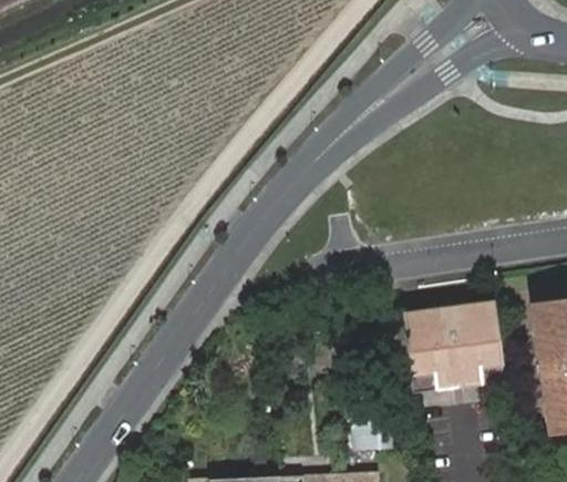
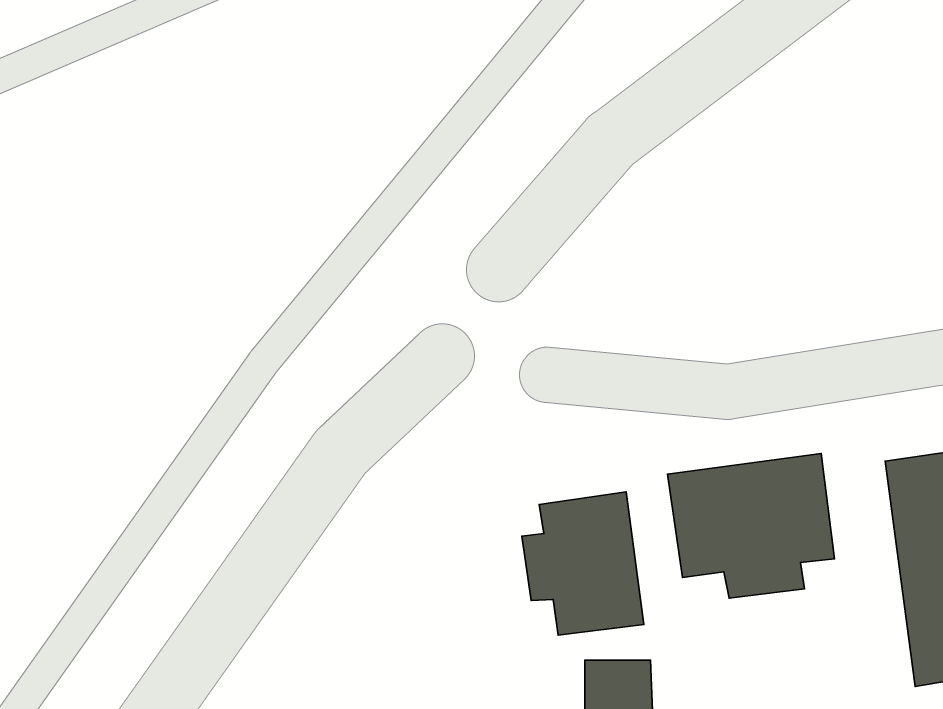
building: none -> [522,492,644,635]

